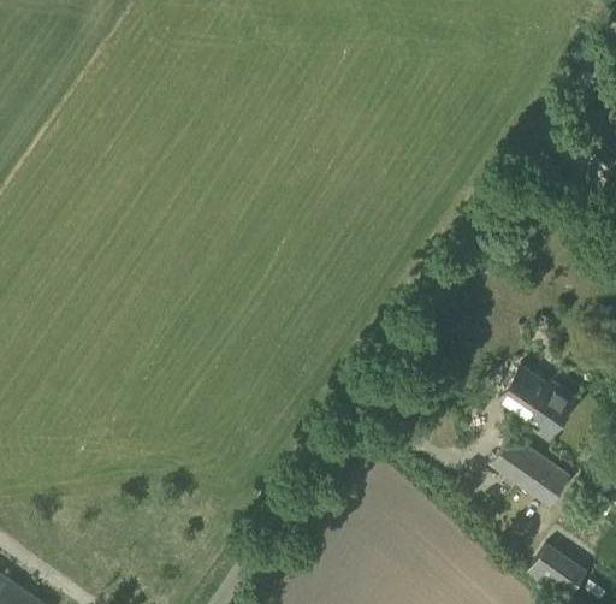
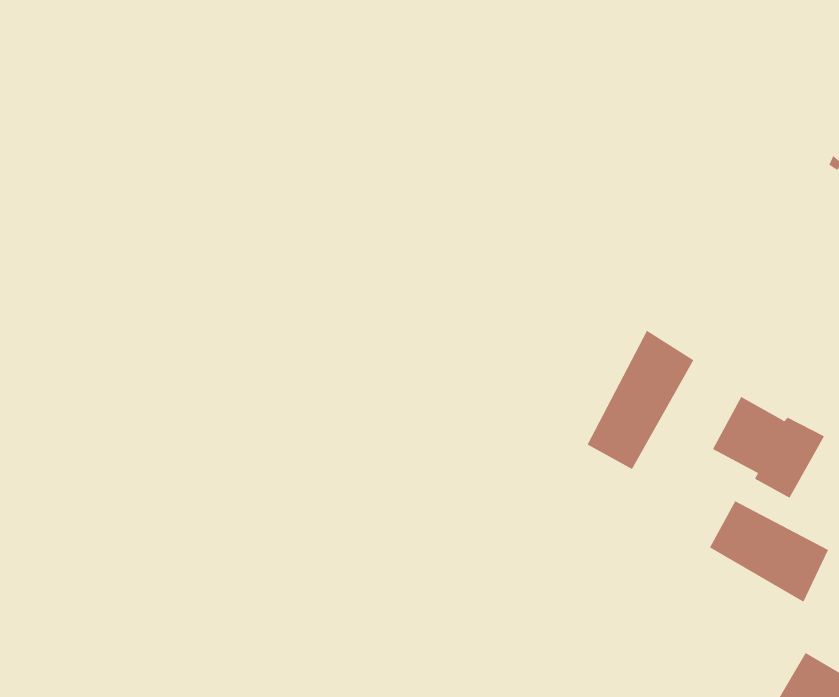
building: none -> [587,330,694,470]

